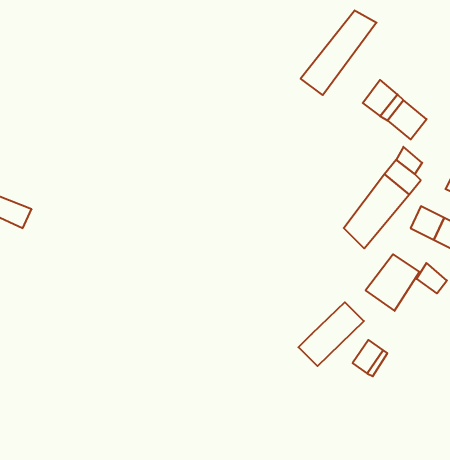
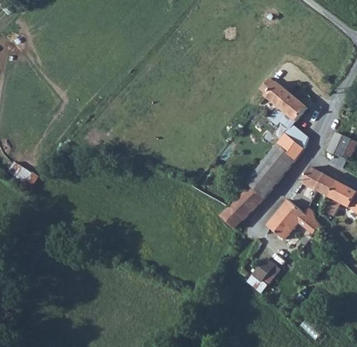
building: [301,10,377,95] -> none
building: [298,302,364,366] -> [221,184,266,228]

